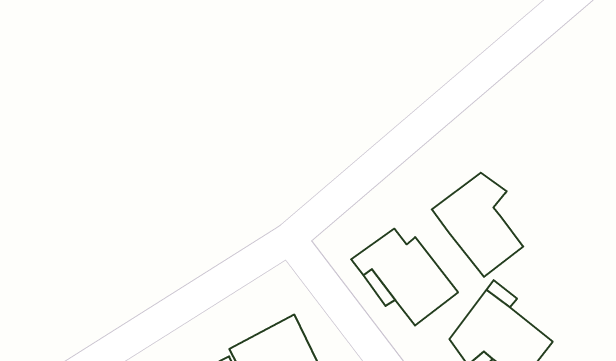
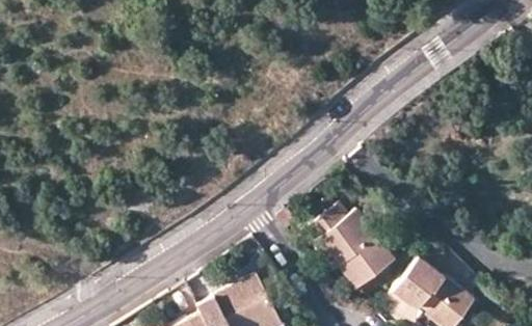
building: [432,173,523,277] -> none

